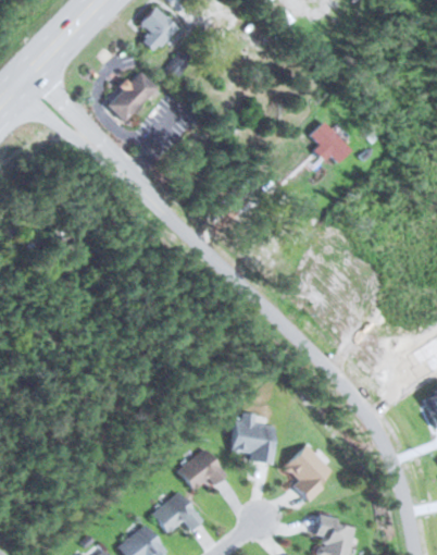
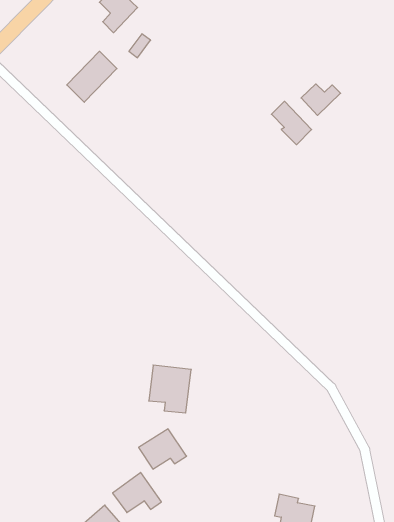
building: none -> [301,84,341,115]
building: [234,415,276,462] -> [149,365,191,413]
building: [284,444,335,499] -> none

